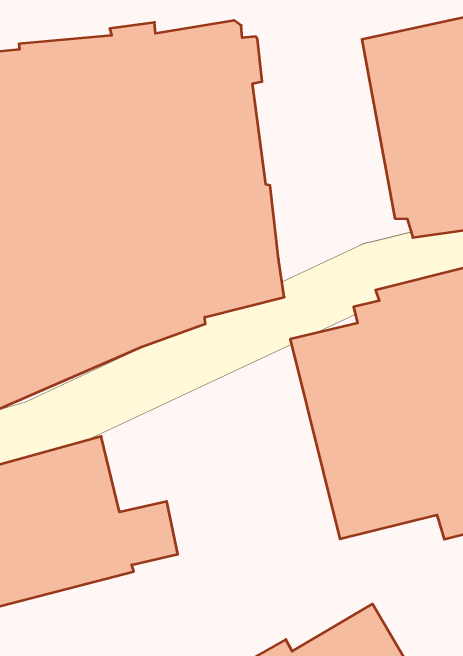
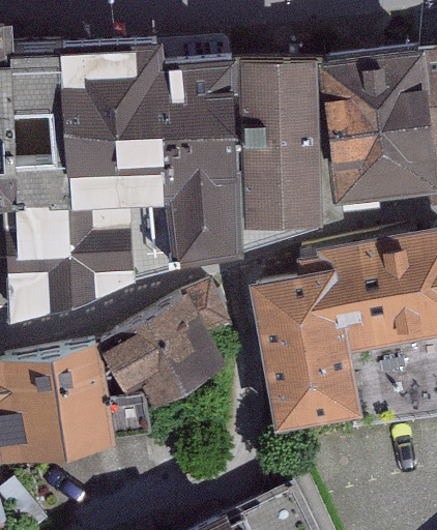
building: none -> [234,53,324,219]
building: none -> [103,285,232,409]

